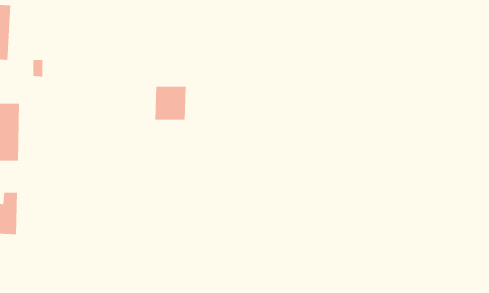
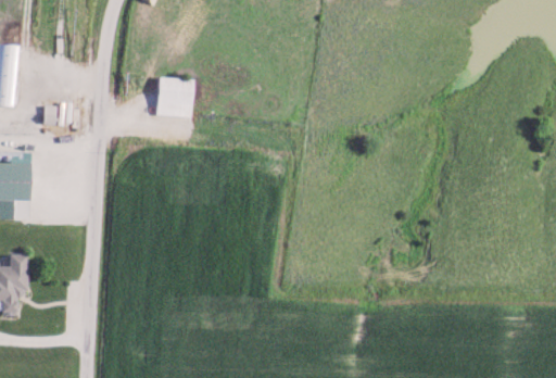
building: [155,86,187,120] -> [155,77,191,115]

